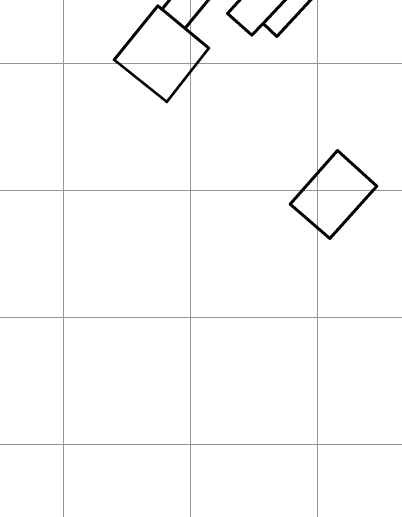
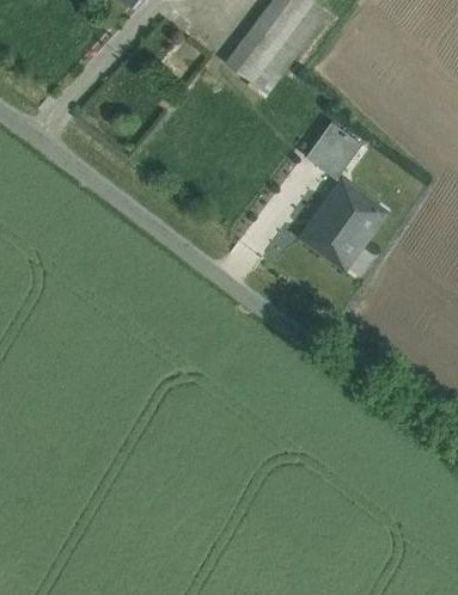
building: [114,6,209,102] -> none
building: none -> [306,122,362,179]

